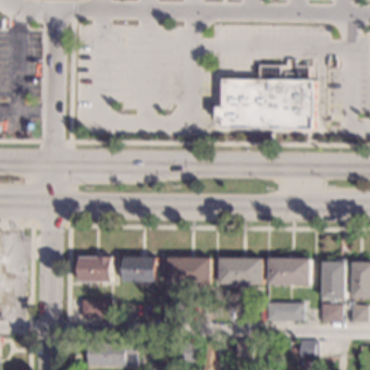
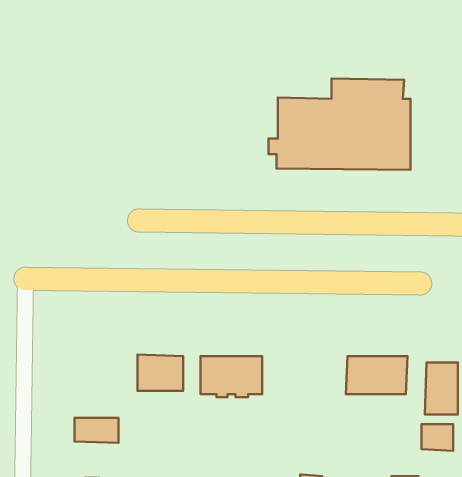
building: [78,257,111,283] -> none
building: [219,258,262,287] -> none
building: [267,304,303,321] -> none

